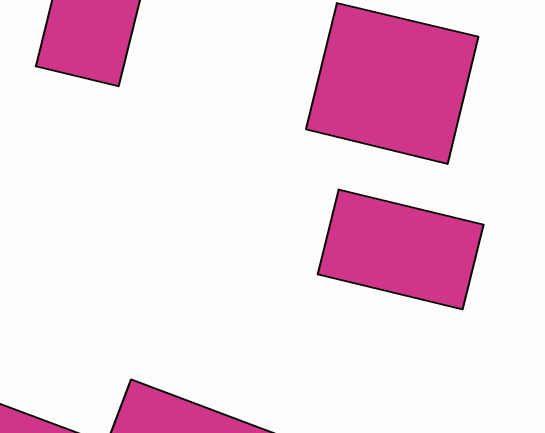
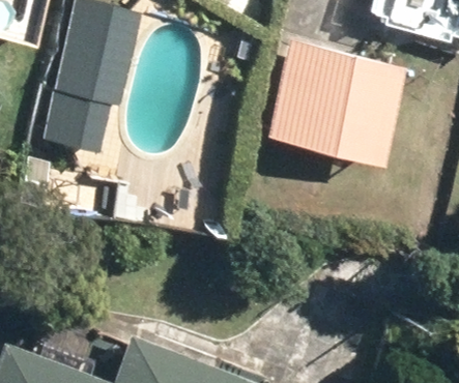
building: [318,189,484,309] -> none

